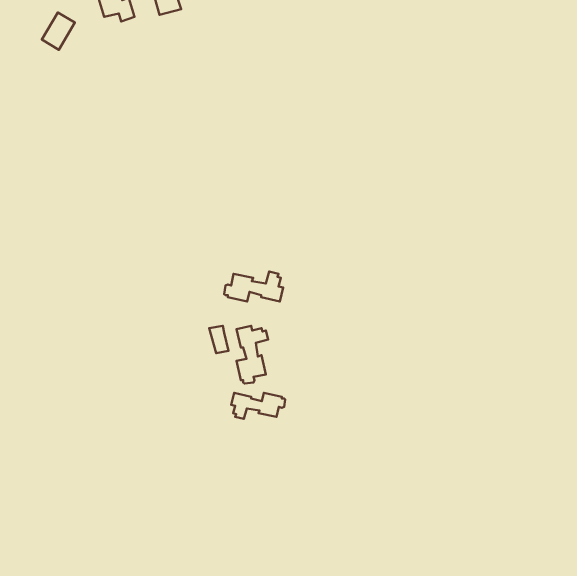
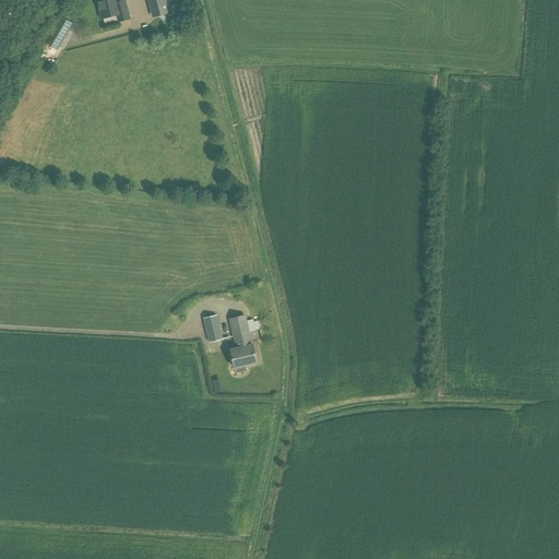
building: [224,272,283,302] -> none
building: [231,393,285,419] -> none

